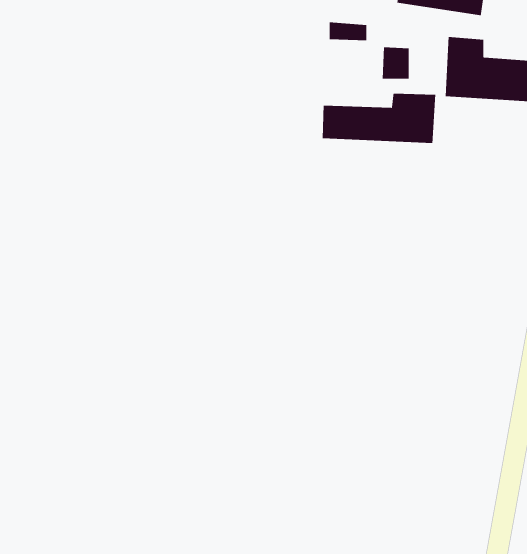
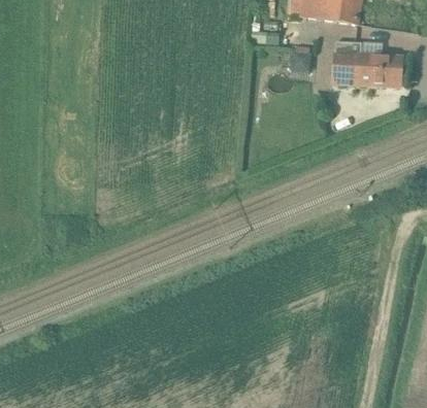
building: [322,93,436,144] -> none

